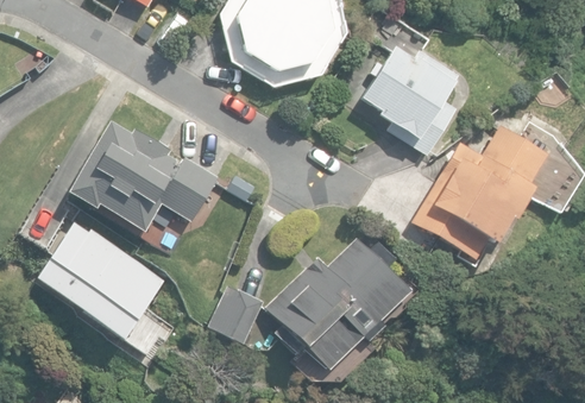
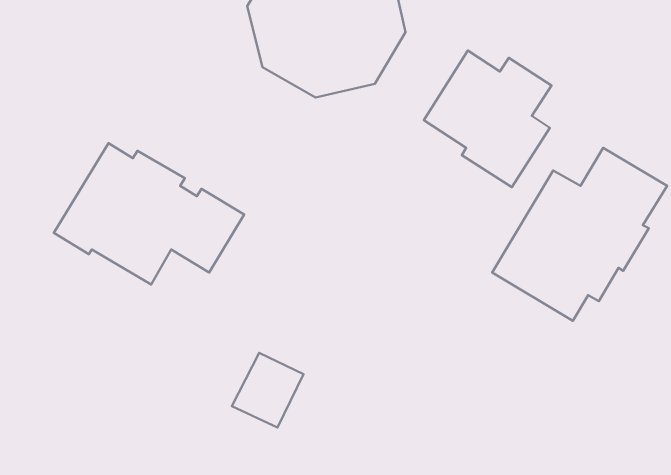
building: [36,218,168,348] -> none
building: [266,239,408,372] -> none

